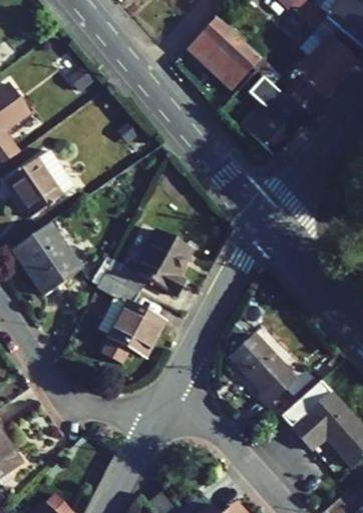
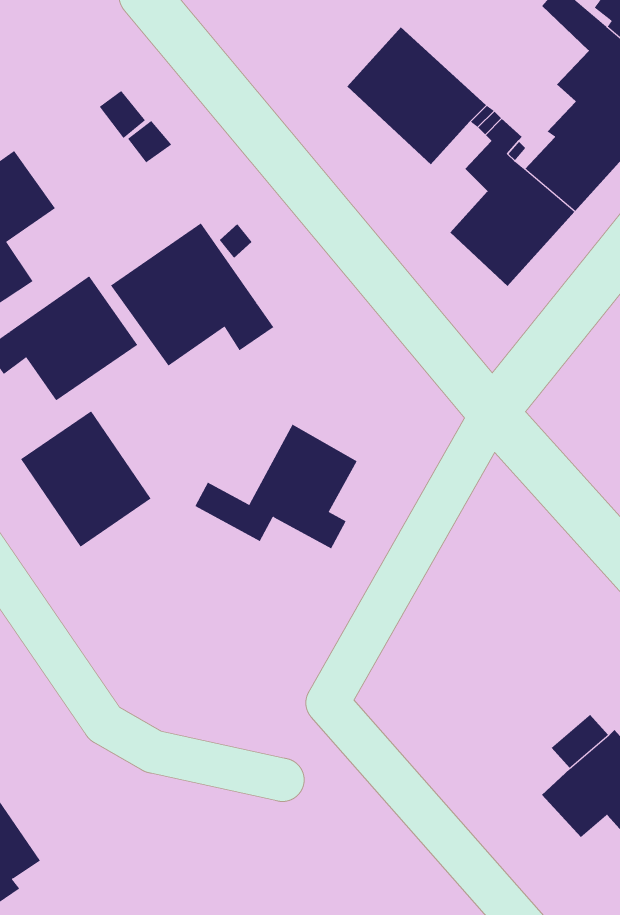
building: none -> [110,222,274,366]
building: [96,273,163,364] -> none
building: [230,333,298,406] -> none

